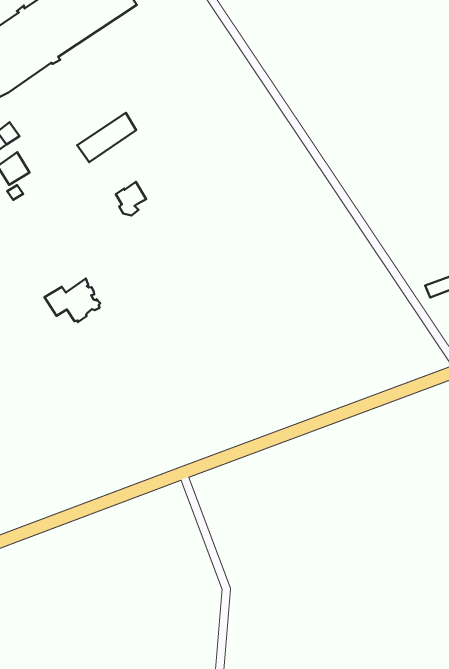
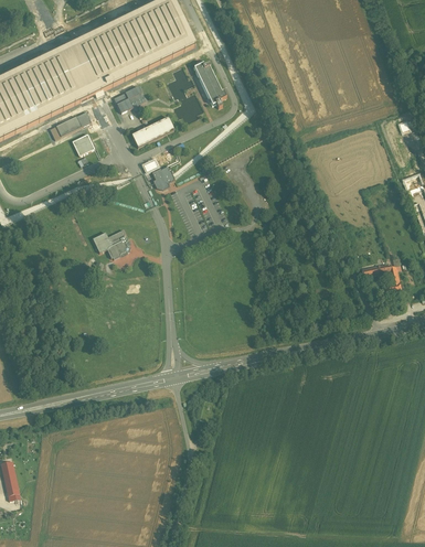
building: none -> [192,62,225,107]
building: none -> [111,85,144,112]

